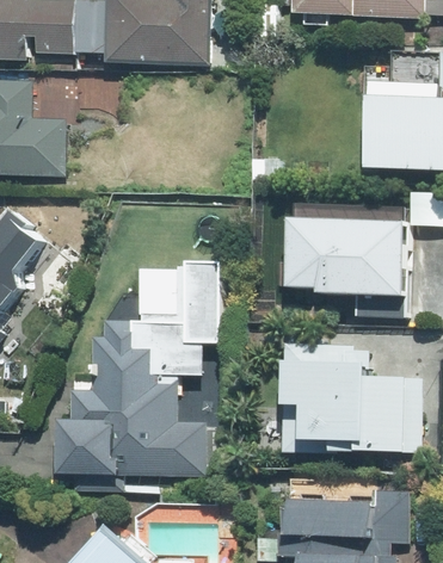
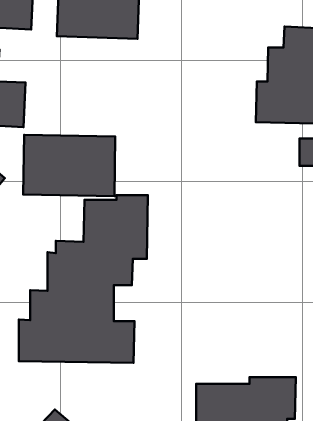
building: none -> [23,135,115,196]
building: [290,219,404,317] -> none
building: [282,342,416,454] -> none

